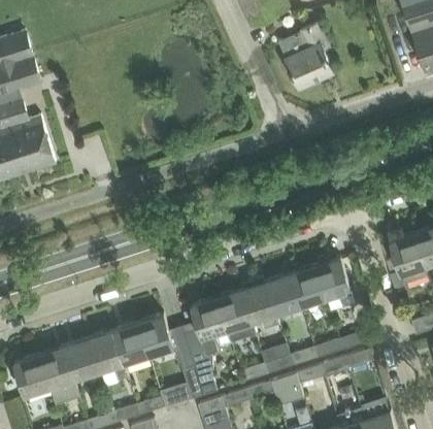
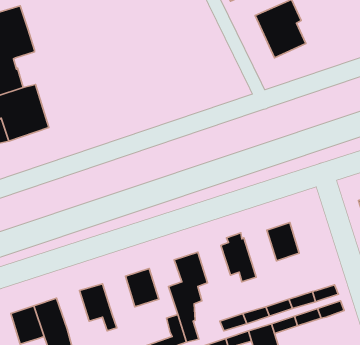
building: [314,257,355,312] -> none
building: [265,273,300,315] -> none
building: [215,290,255,342] -> none
building: [112,323,147,364] -> none
building: [63,338,98,380] -> none

